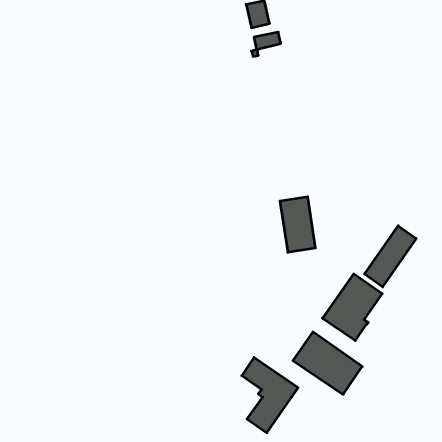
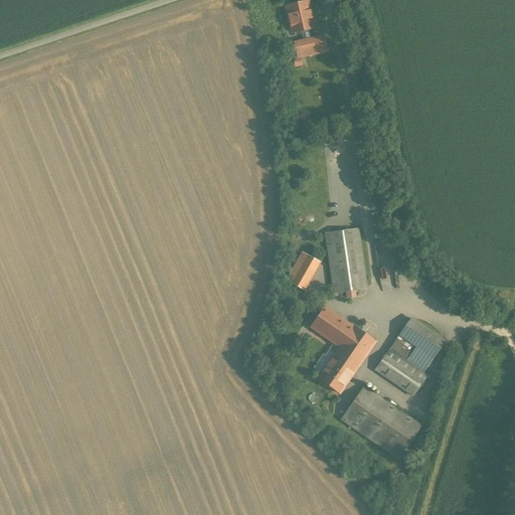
building: none -> [288,251,319,289]
building: [365,226,416,287] -> none
building: [242,357,298,433] -> [311,306,376,393]

